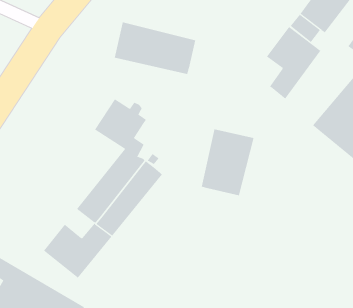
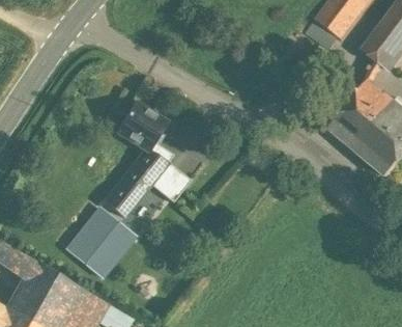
building: [114,22,196,75] -> none
building: [266,26,321,99] -> none
building: [201,128,254,196] -> none

